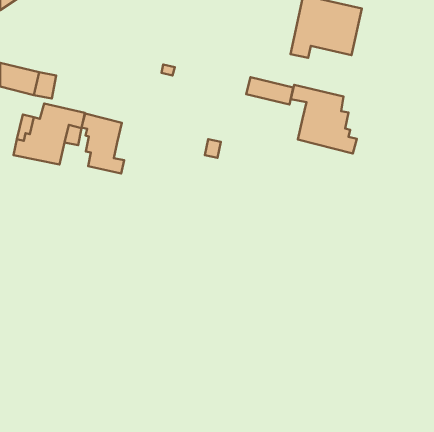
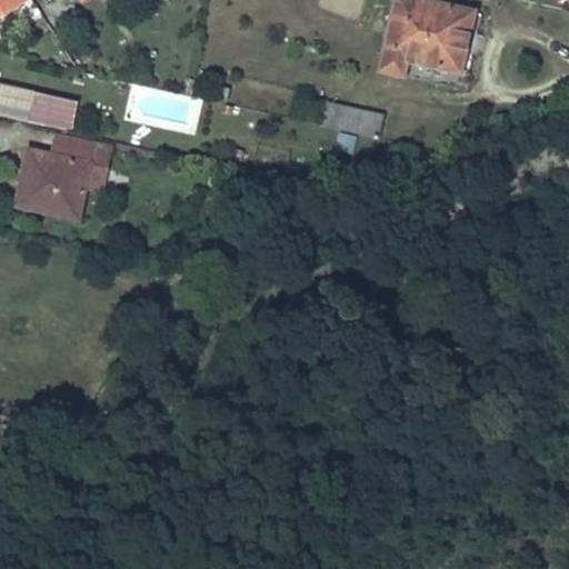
building: [291,85,357,154] -> none
building: [82,113,124,174] -> none

